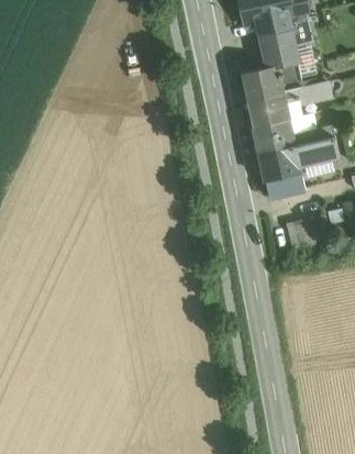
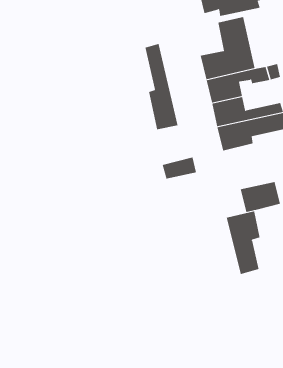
building: none -> [145,43,178,130]
building: [265,173,304,198] -> [162,157,197,179]
building: none -> [226,211,260,275]

